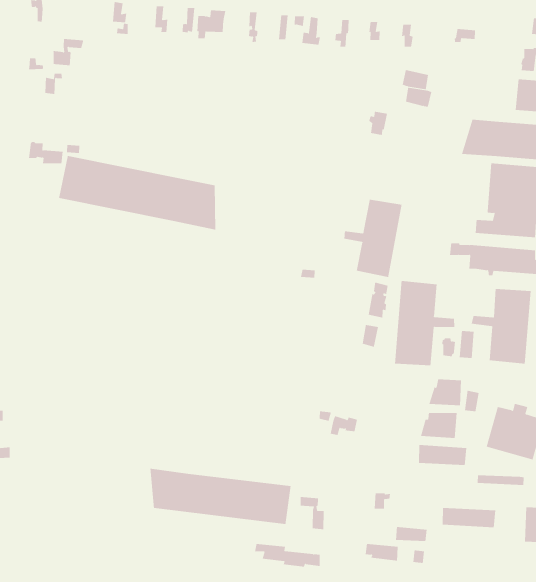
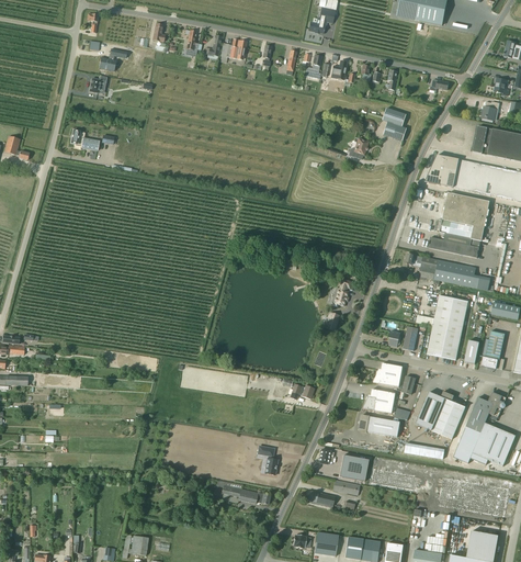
building: [58,155,216,231] -> none
building: [344,199,402,278] -> none
building: [394,280,455,366] -> none
building: [150,468,291,525] -> none
building: none -> [338,454,367,481]

